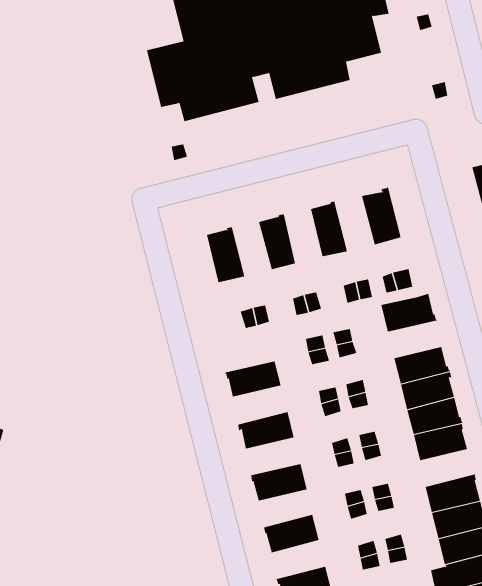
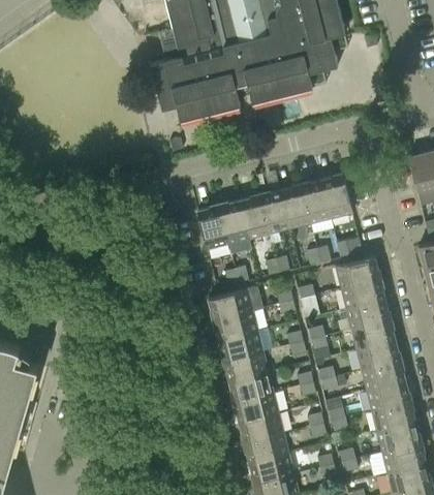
building: none -> [301,180,332,224]
building: none -> [260,190,290,234]
building: none -> [219,200,252,254]
building: none -> [342,279,385,309]
building: none -> [209,286,264,320]
building: none -> [219,331,264,362]
building: none -> [229,372,274,402]
building: none -> [368,381,412,411]
building: none -> [240,413,283,443]
building: none -> [250,454,293,485]

